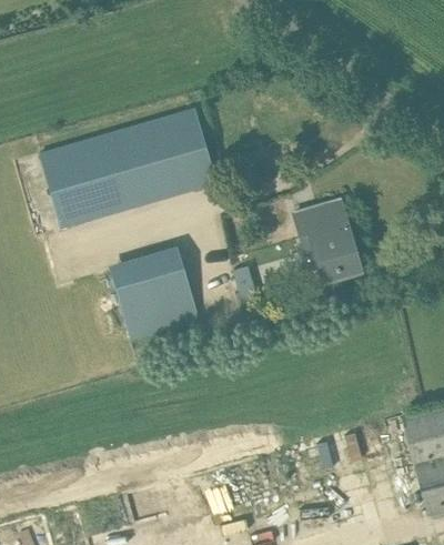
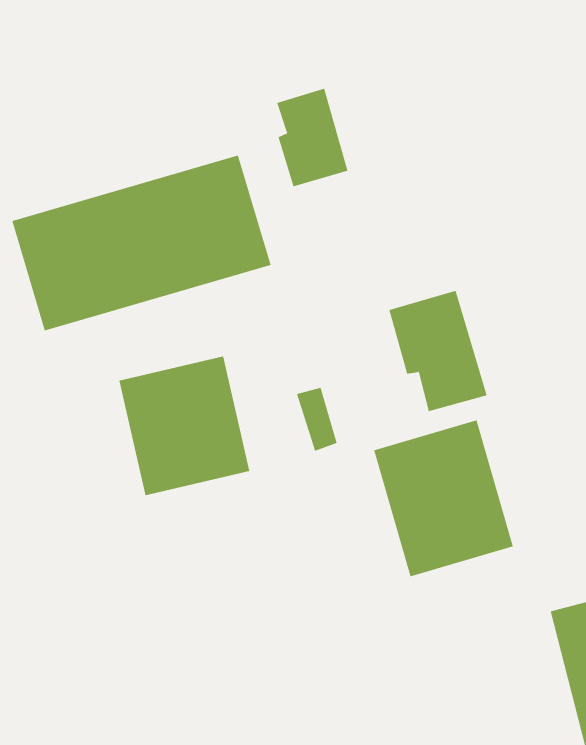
building: none -> [276,88,348,187]
building: none -> [373,419,514,577]

